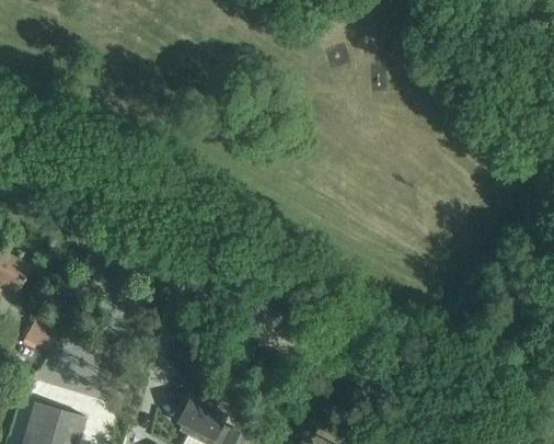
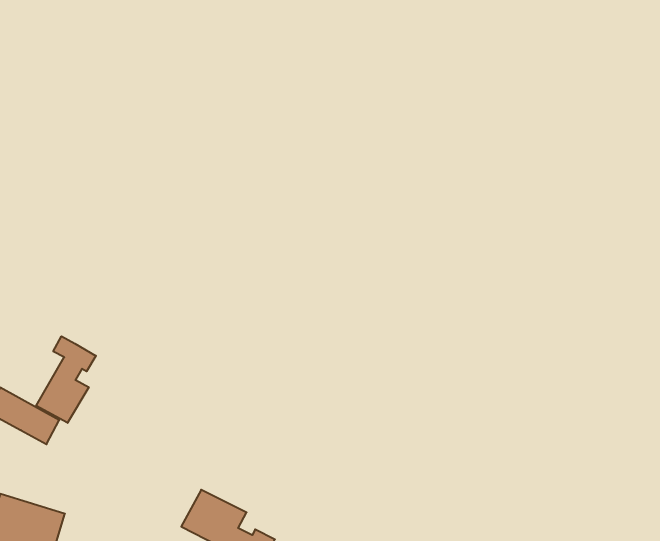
building: none -> [36,336,96,423]

